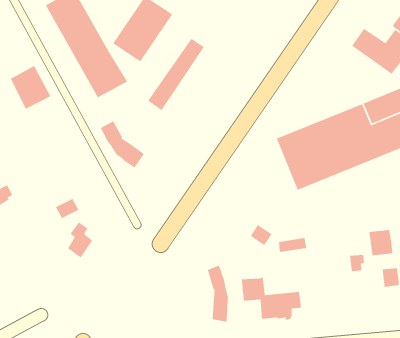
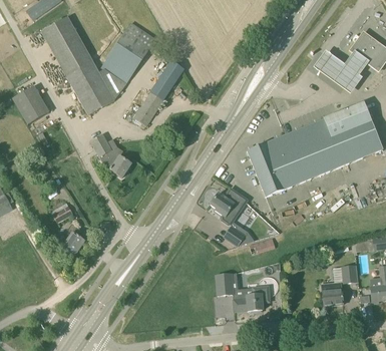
building: none -> [210,188,247,224]
building: [368,229,393,256] -> [321,282,343,306]
building: [207,264,229,323] -> none

